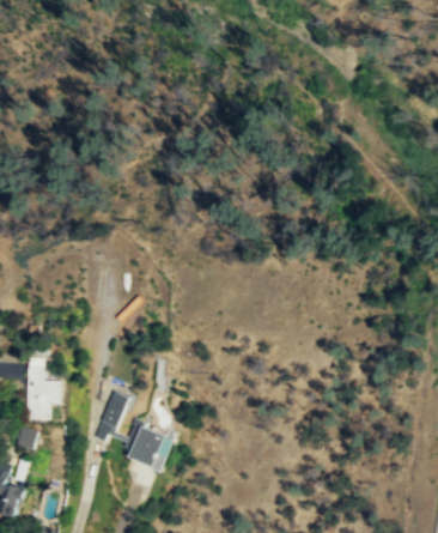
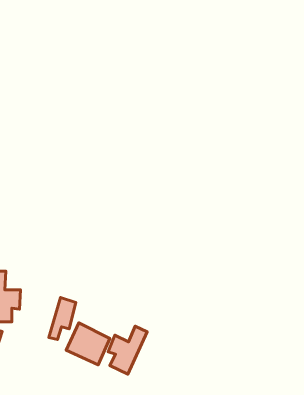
building: none -> [108,326,147,374]

